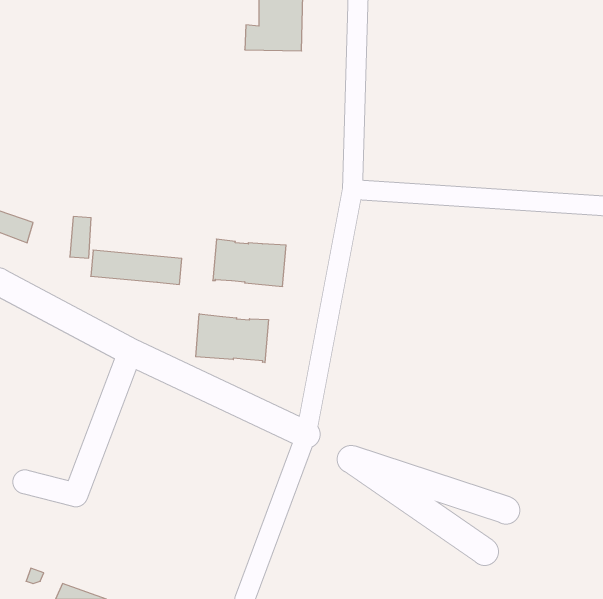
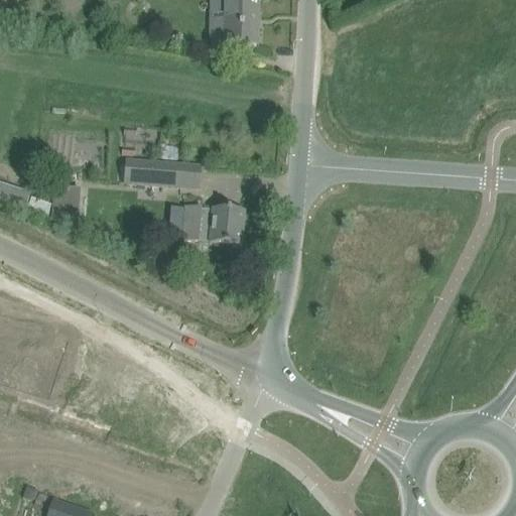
building: [91,250,182,284] -> [123,157,201,186]
building: [196,314,268,363] -> none

